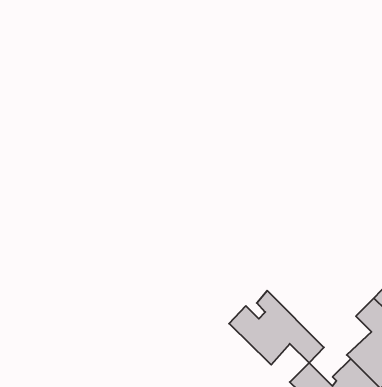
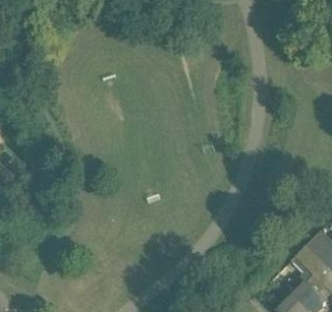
building: [229,291,324,365] -> none

